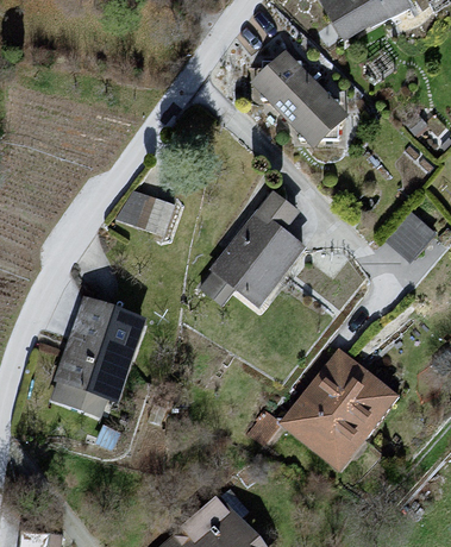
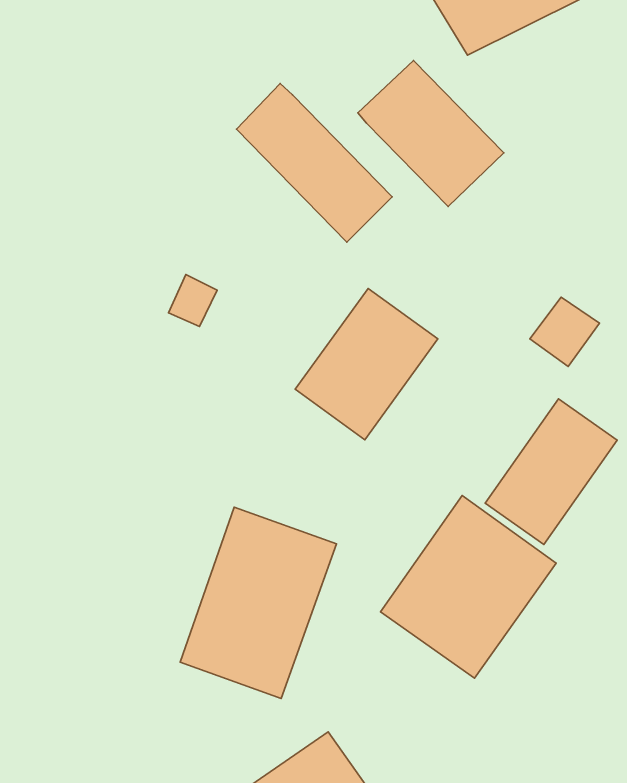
building: none -> [237,84,392,242]
building: none -> [485,399,617,544]
building: [52,282,159,413] -> [180,507,337,699]

